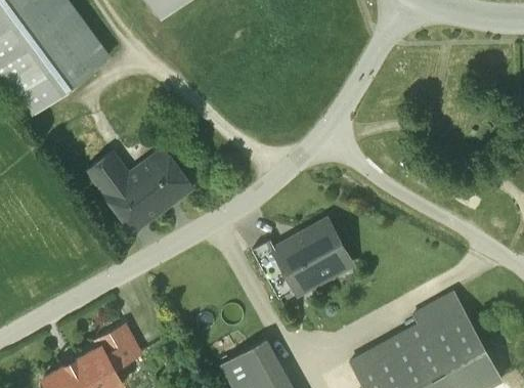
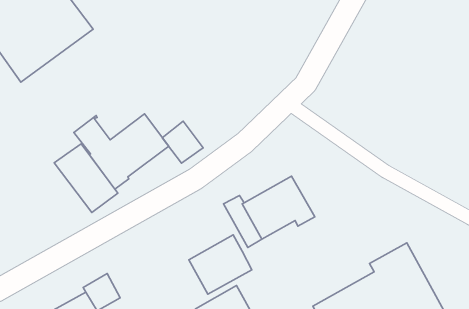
building: none -> [162,121,203,163]
building: none -> [54,144,118,213]
building: none -> [189,235,252,294]

